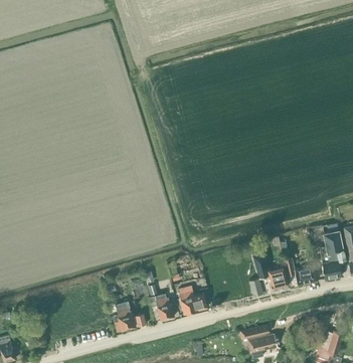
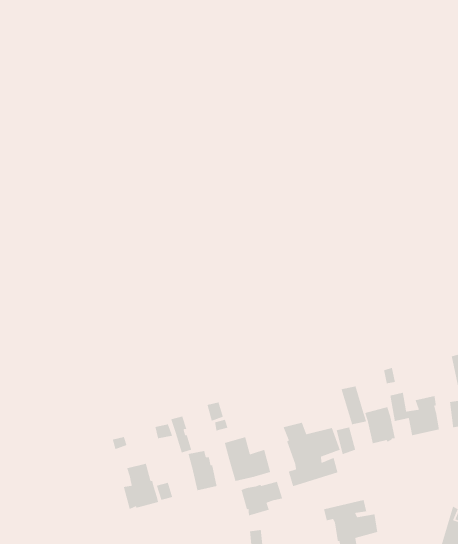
building: none -> [283,422,341,487]
building: none -> [240,481,283,516]

